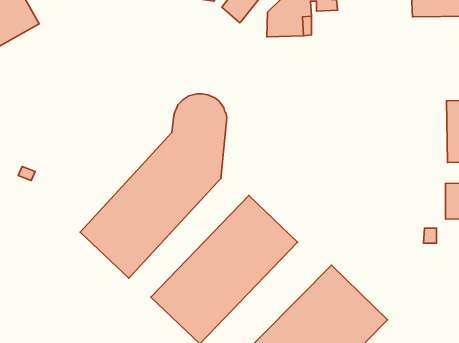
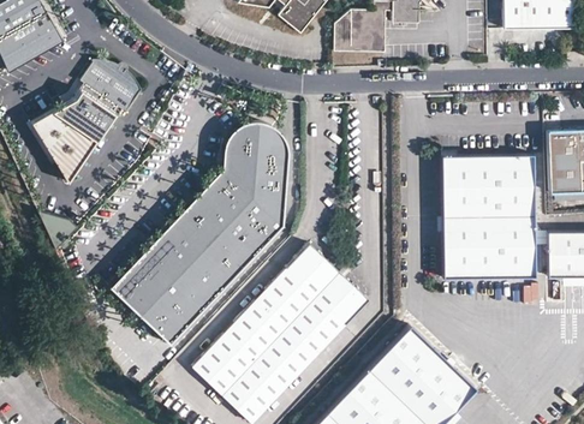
building: none -> [31,61,139,185]
building: none -> [445,156,536,276]

